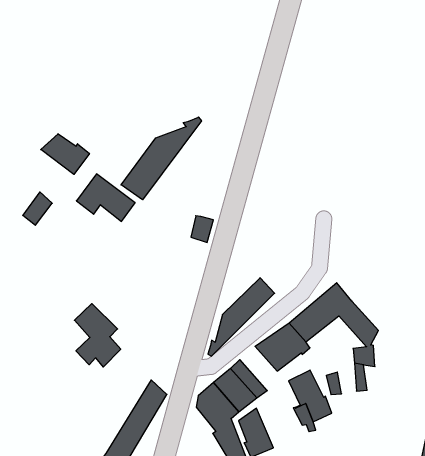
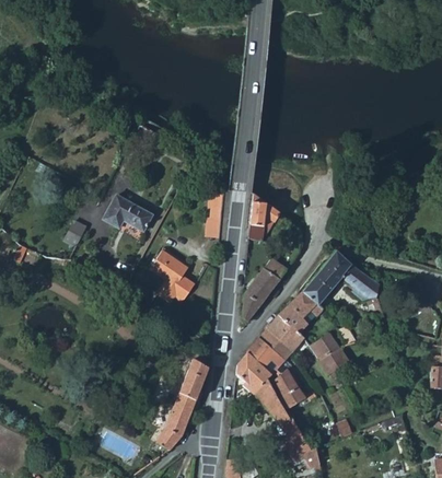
building: [121,117,201,200] -> none
building: [41,134,89,174] -> none
building: none -> [247,202,282,241]
building: [74,304,121,367] -> [152,249,195,301]
building: none -> [265,316,303,351]

